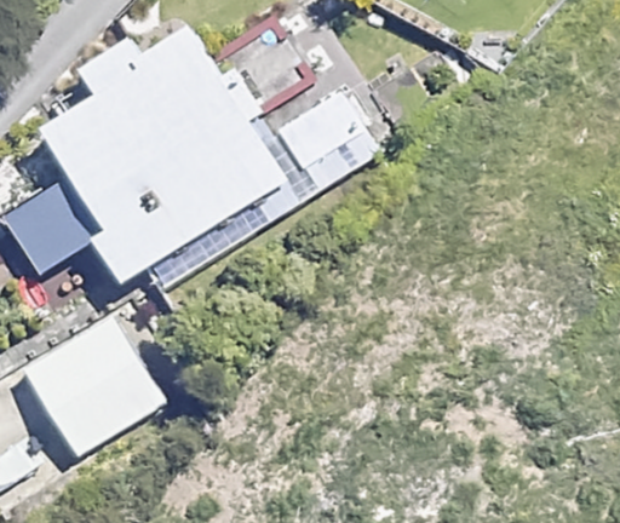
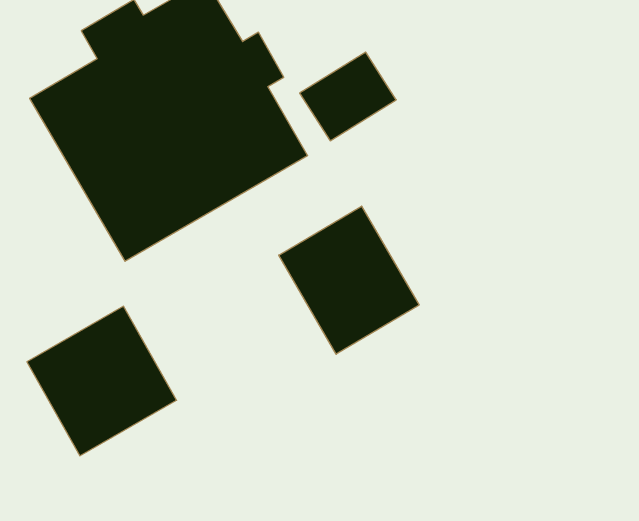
building: none -> [279,206,419,354]

